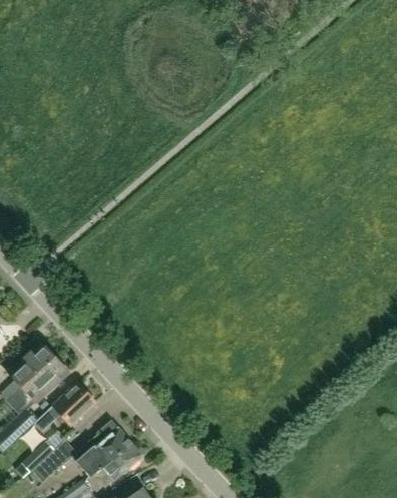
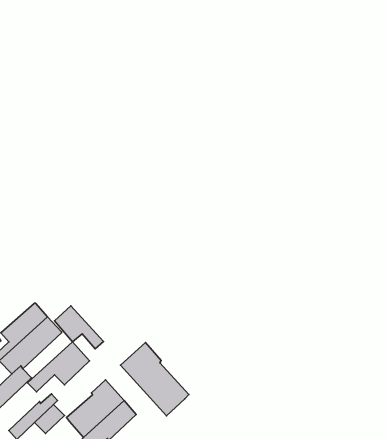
building: none -> [54,306,104,349]
building: none -> [120,343,189,416]

